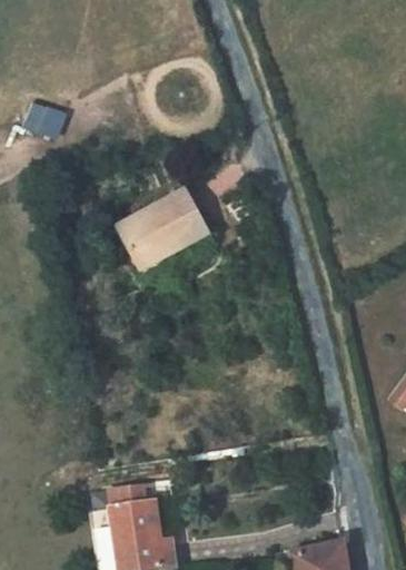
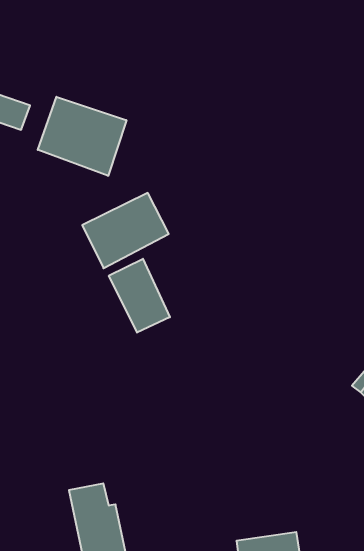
building: none -> [38,97,126,176]
building: none -> [109,259,170,333]

